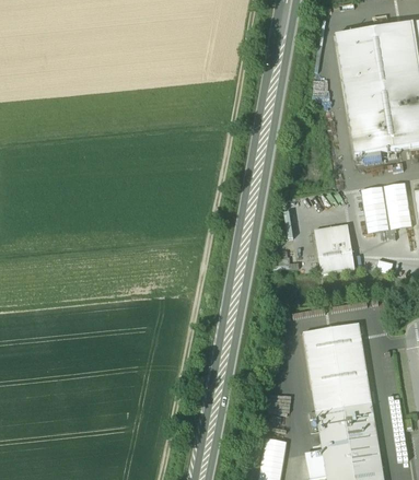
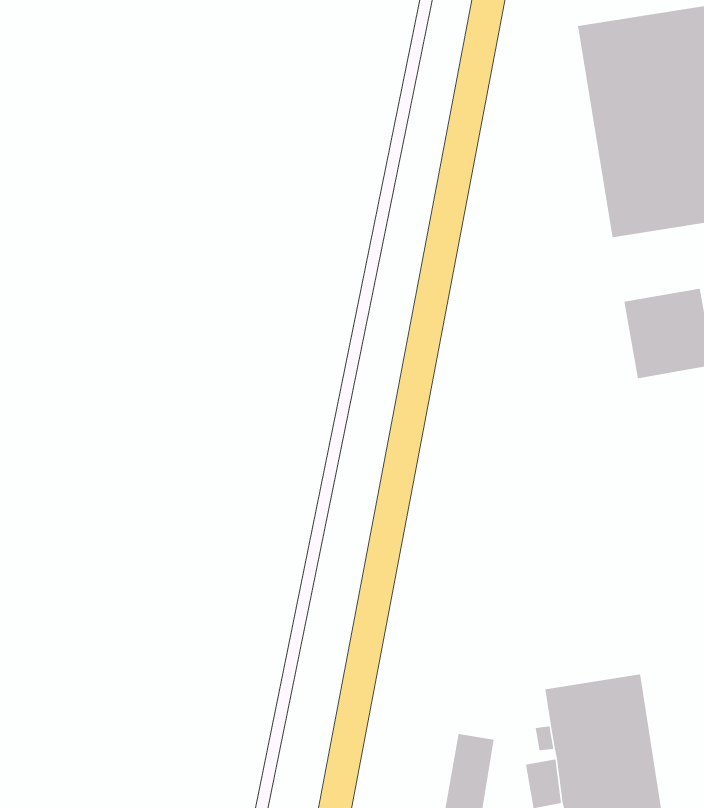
building: [314,224,354,273] -> none
building: [303,324,371,411] -> none

